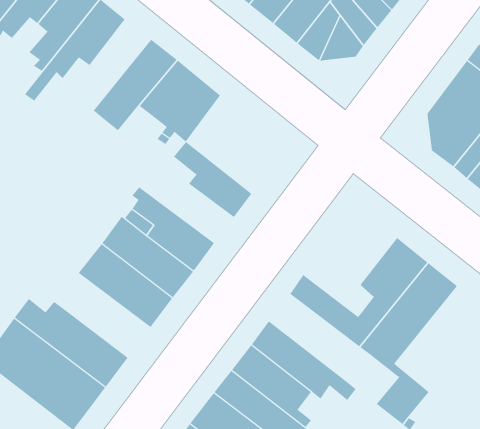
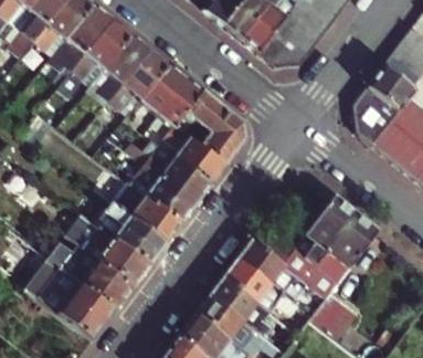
building: none -> [87,35,151,107]
building: none -> [178,92,245,165]
building: none -> [142,150,213,201]
building: none -> [67,213,151,286]
building: none -> [239,239,314,305]

